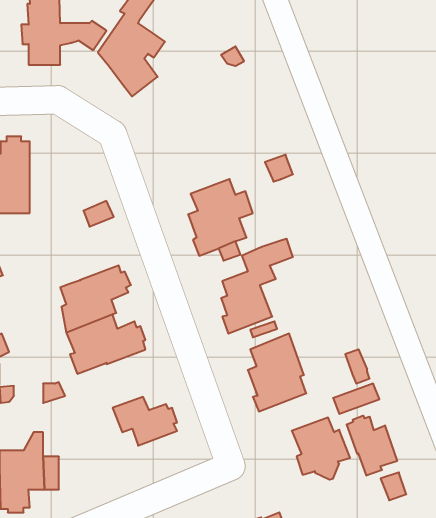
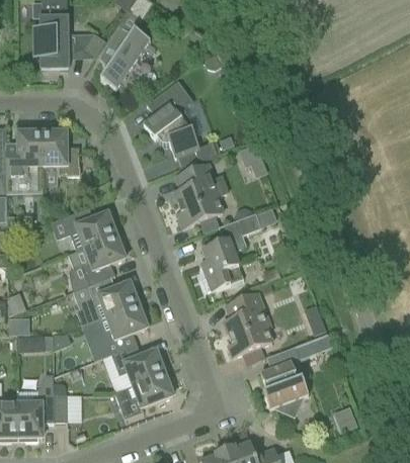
building: none -> [143,80,199,157]
building: none -> [43,128,80,175]
building: none -> [63,207,117,251]
building: none -> [87,305,149,356]
building: [347,416,397,476] -> none
building: none -> [114,373,174,419]

